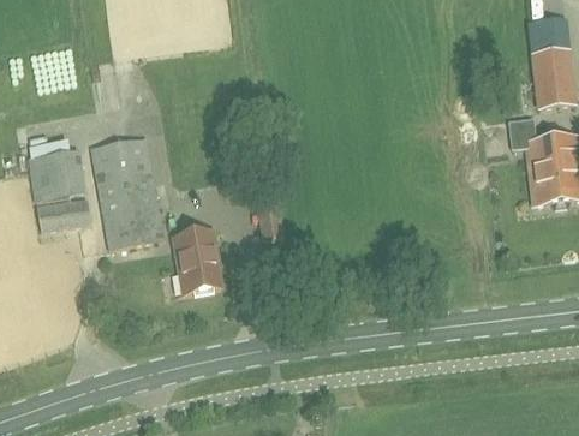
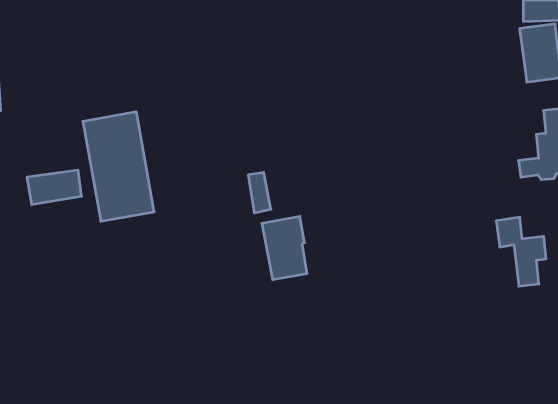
building: [508,117,559,186] -> [496,217,546,286]
building: [28,150,85,201] -> none
building: [173,228,219,292] -> [262,216,307,280]

